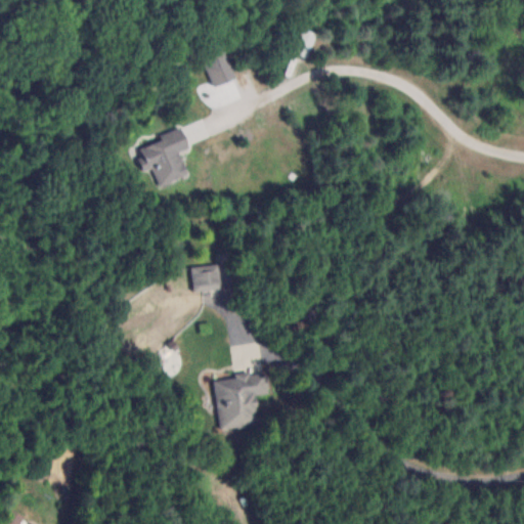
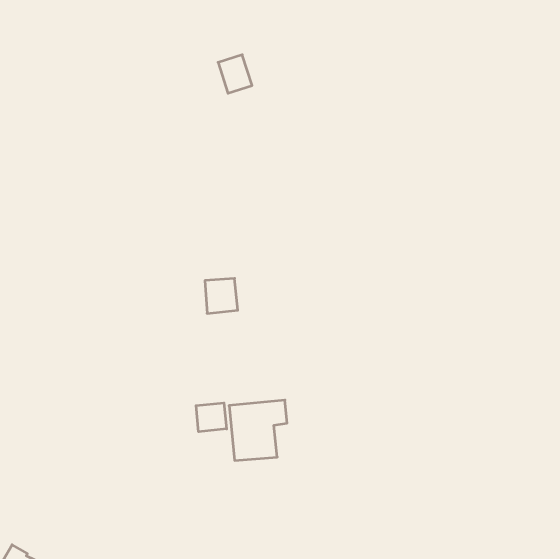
building: [136,131,188,187] -> none
building: none -> [196,403,227,432]

